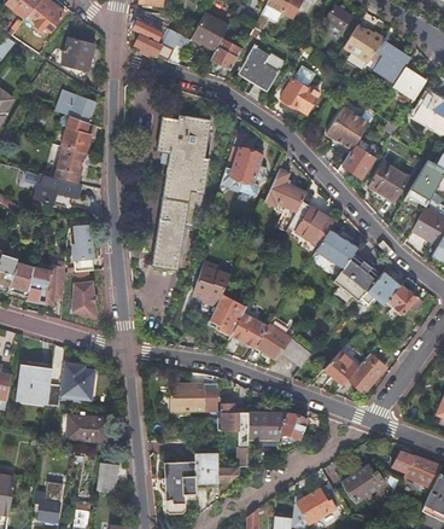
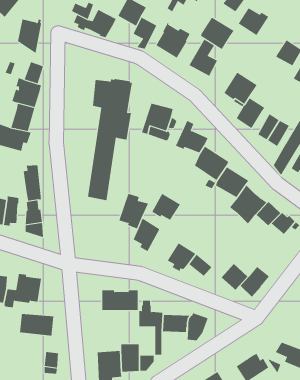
building: [367,40,410,82] -> [200,17,234,50]
building: [229,312,267,347] -> [151,193,181,220]

